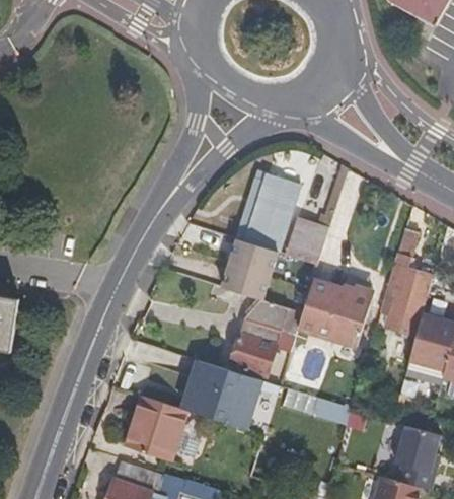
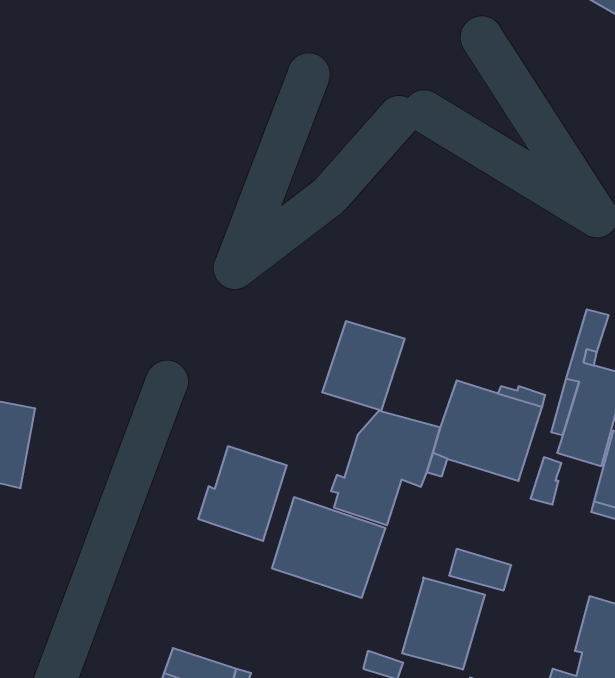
building: [235,173,299,251] -> none
building: [284,220,328,264] -> none
building: [126,397,186,461] -> [198,446,287,541]
building: none -> [402,577,485,670]

